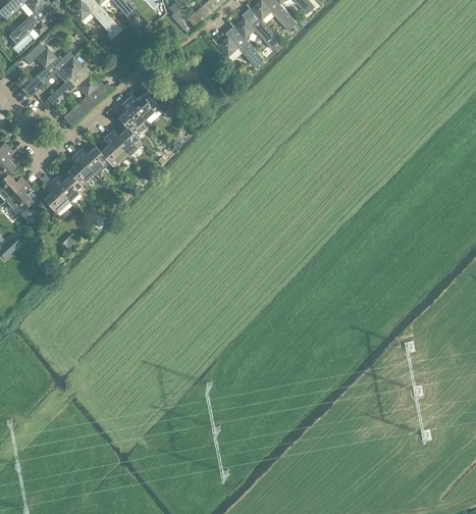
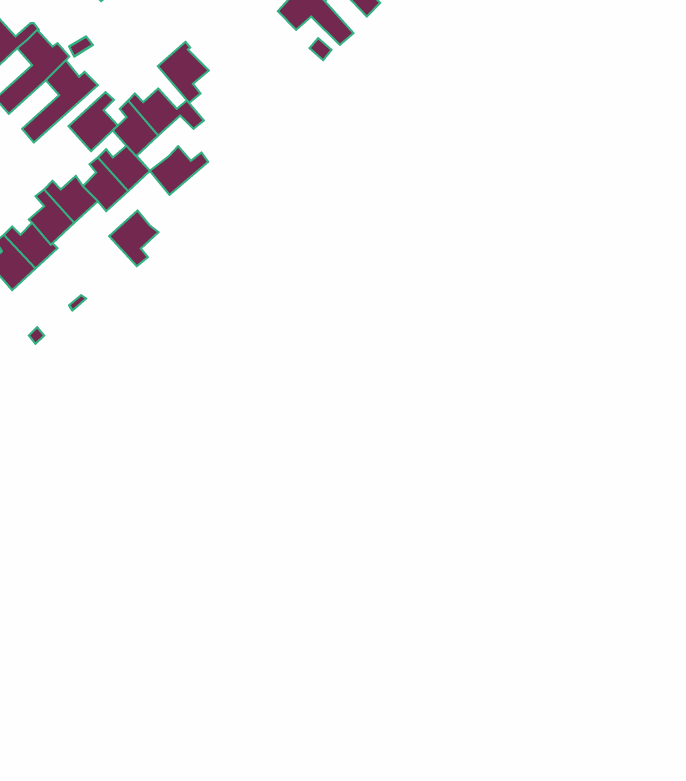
building: none -> [158,42,209,103]
building: none -> [69,92,118,151]
building: none -> [150,146,208,195]
building: none -> [109,210,159,266]

